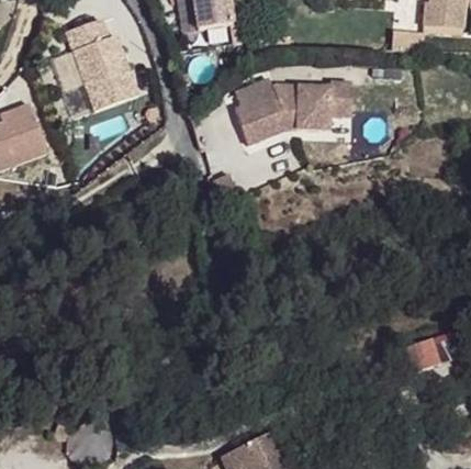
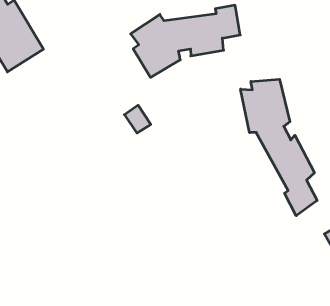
building: none -> [241,79,317,216]

